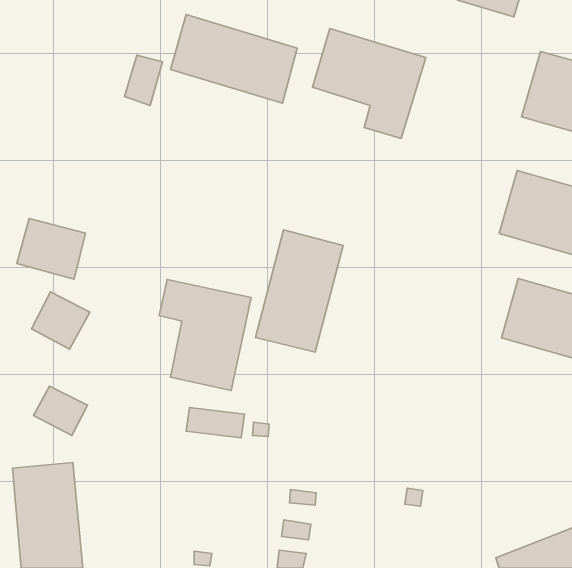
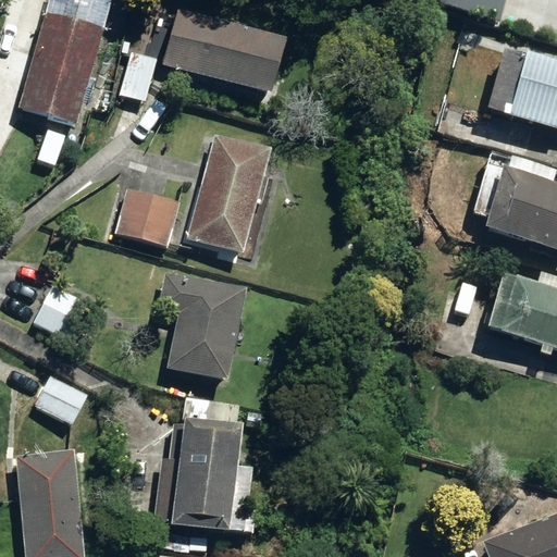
building: none -> [22,15,106,126]
building: [313,29,426,138] -> none
building: [17,219,85,279] -> [113,186,180,245]
building: [256,230,343,352] -> [185,132,270,250]
building: none -> [153,419,238,527]

